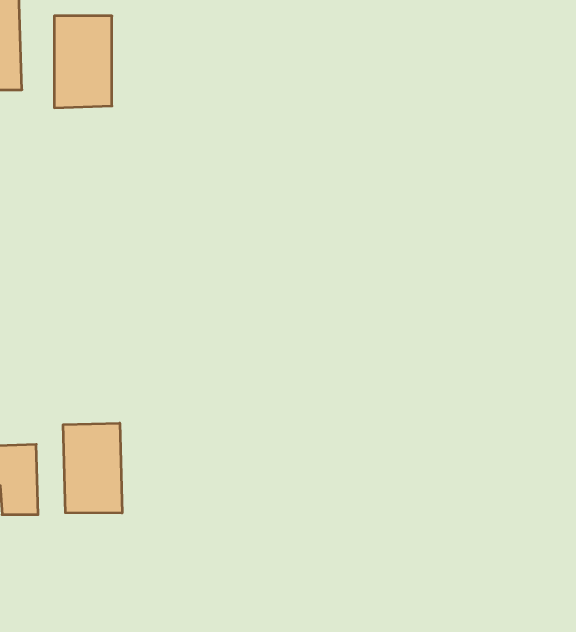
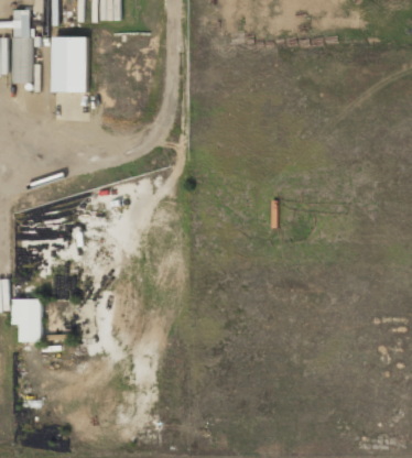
building: [63,423,122,513] -> none

